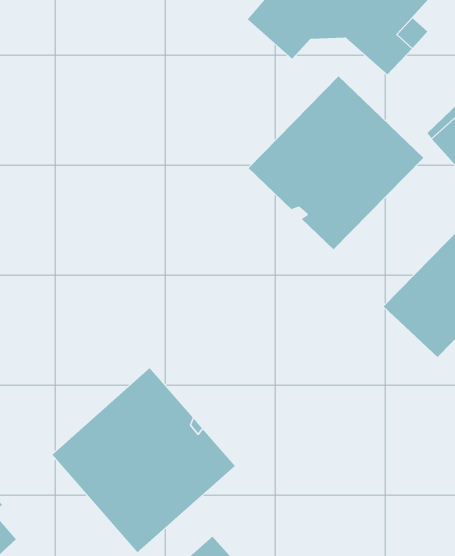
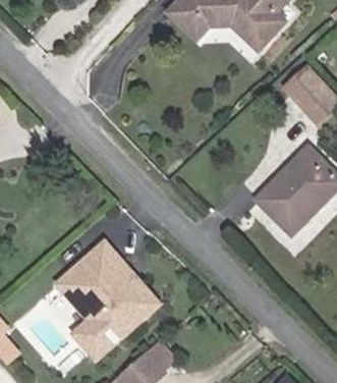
building: [248,76,424,250] -> none

